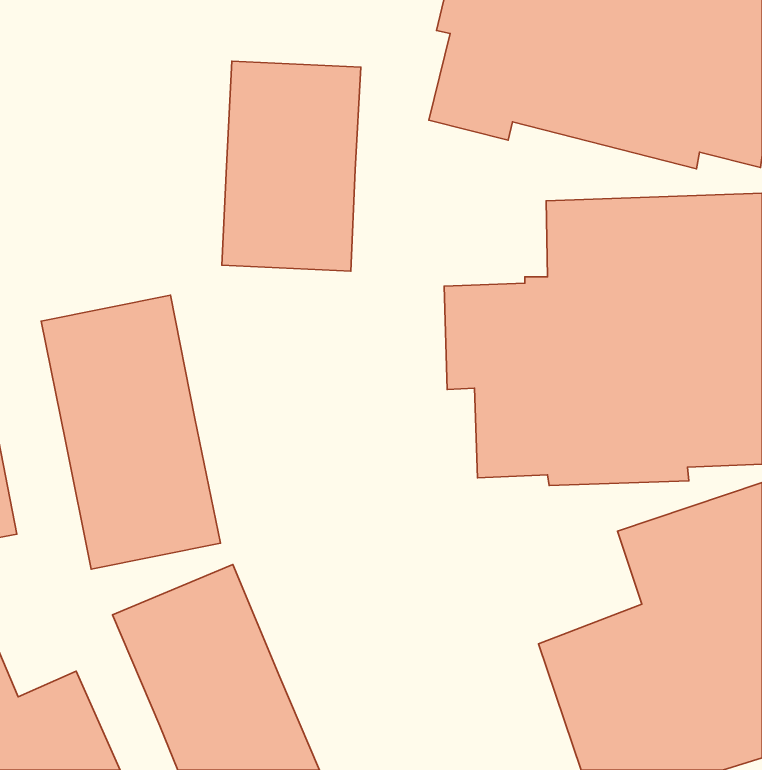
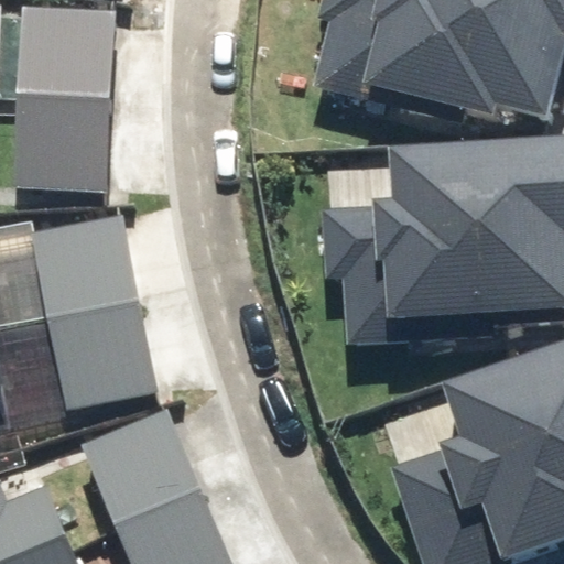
building: none -> [13,4,116,189]
building: [222,61,361,271] -> none

